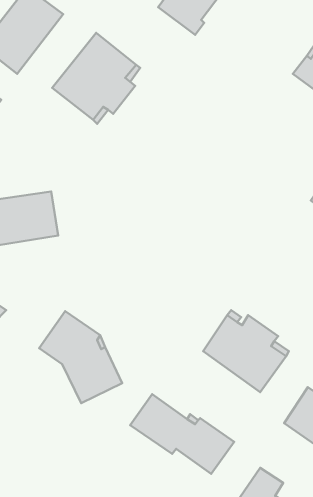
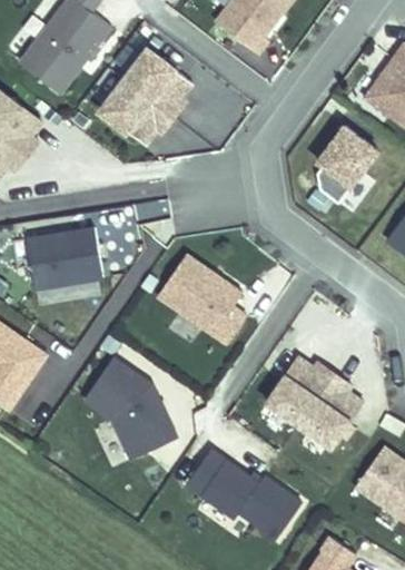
building: none -> [320,120,382,197]
building: none -> [156,255,245,344]

